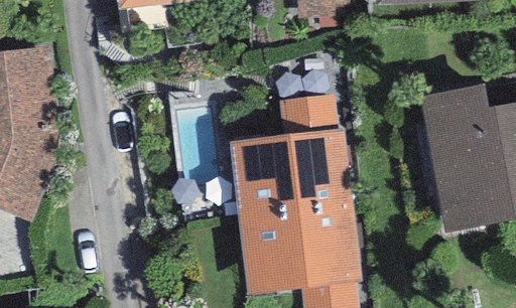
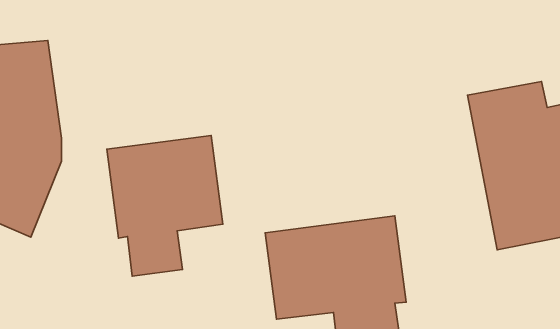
building: [228,93,353,218] -> none
building: none -> [107,136,223,276]

